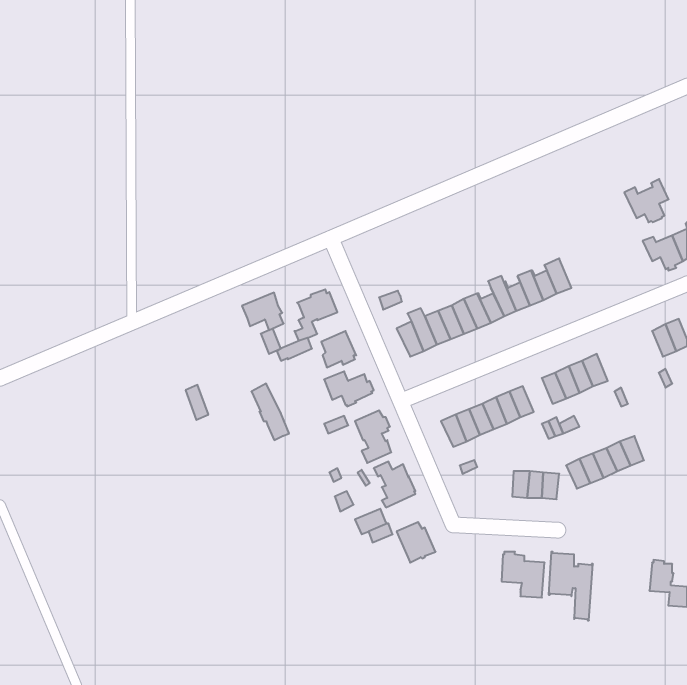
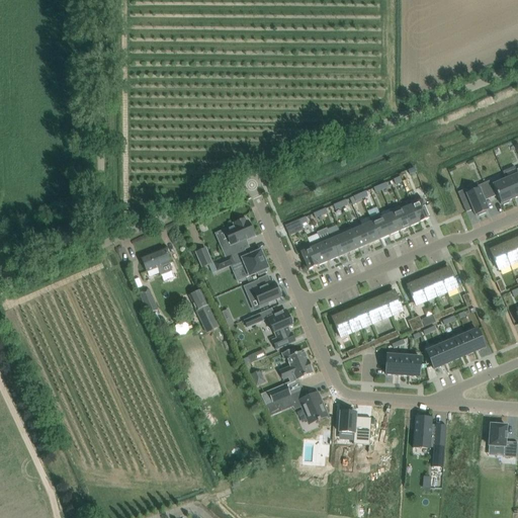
building: [624,179,669,222] -> [457,181,491,213]
building: [242,293,284,330] -> [141,246,172,274]
building: [502,552,545,598] -> [339,409,371,443]

